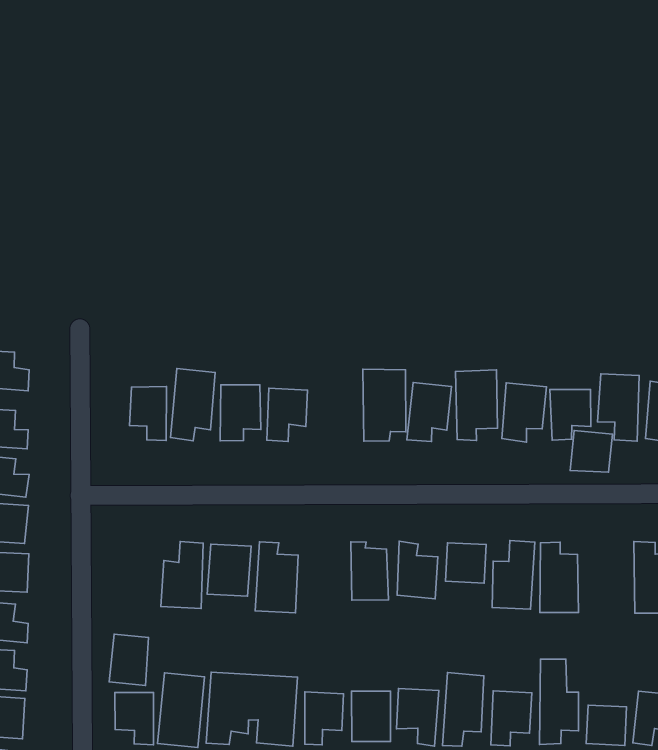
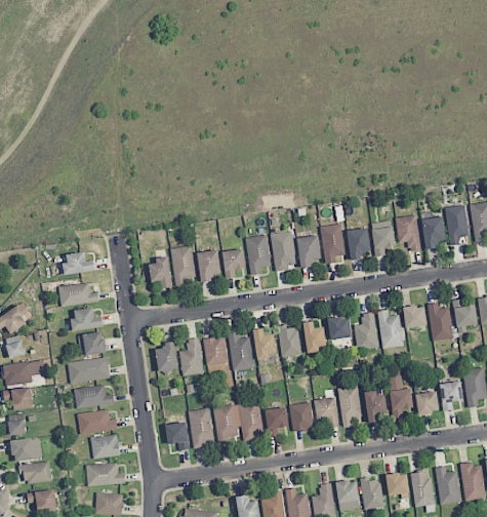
building: none -> [245,235,270,275]
building: [570,430,612,472] -> [403,306,424,328]
building: none -> [252,328,275,360]
building: [109,634,149,685] -> [156,345,176,371]

